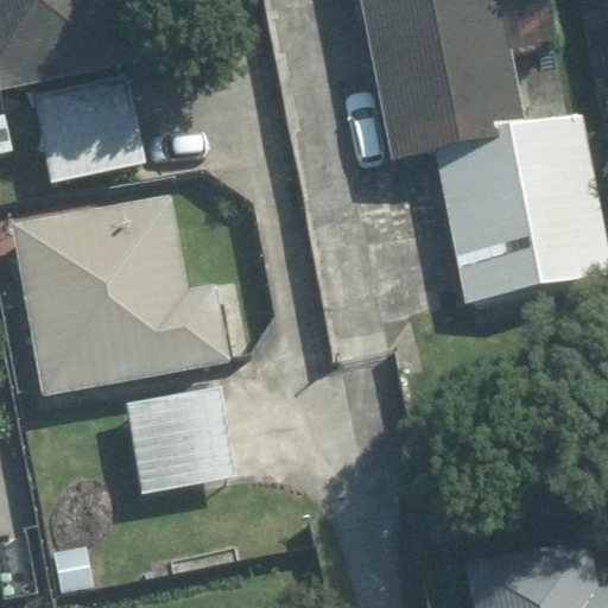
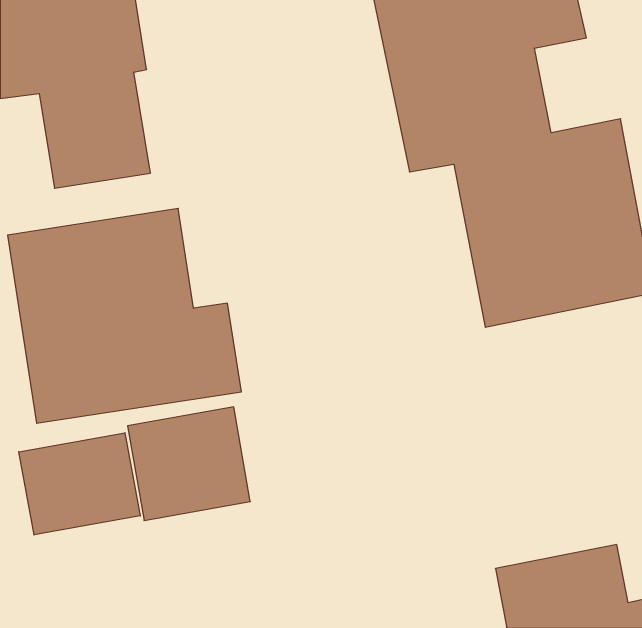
building: none -> [19,433,140,535]

